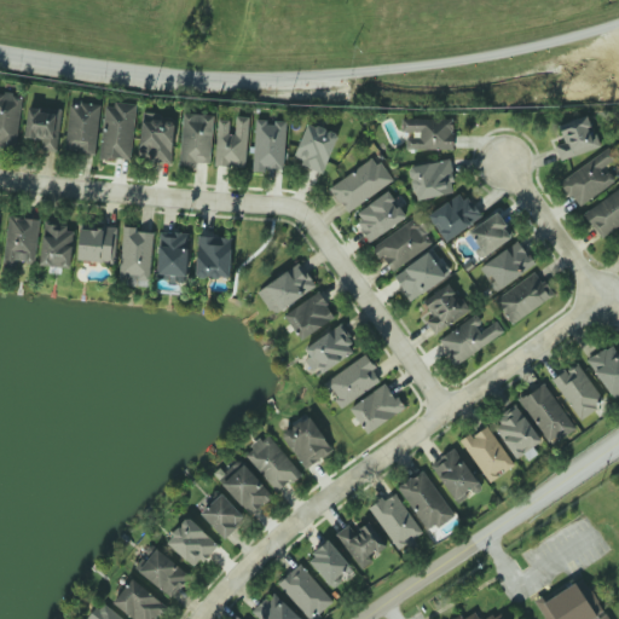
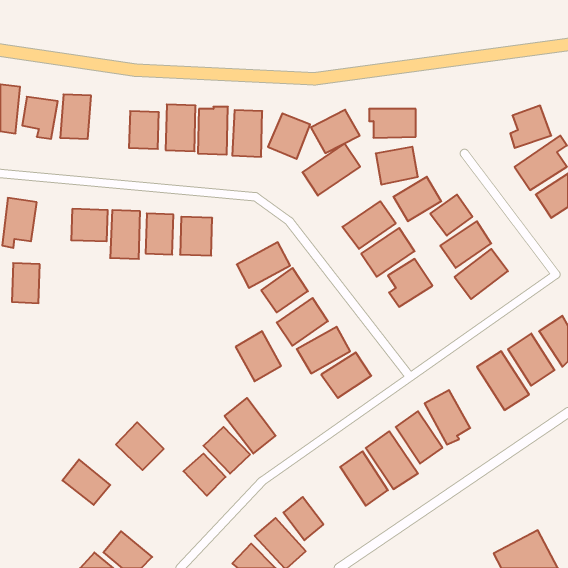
building: [99,102,137,160] -> none
building: [353,192,406,239] -> [311,110,360,153]
building: [41,224,71,267] -> [12,263,40,303]
building: [438,317,504,365] -> none
building: [491,406,544,462] -> none
building: [282,415,331,469] -> [236,331,281,381]
building: [166,516,218,568] -> [116,422,164,470]
building: [335,522,387,567] -> none
building: [138,548,190,597] -> [62,459,110,505]

